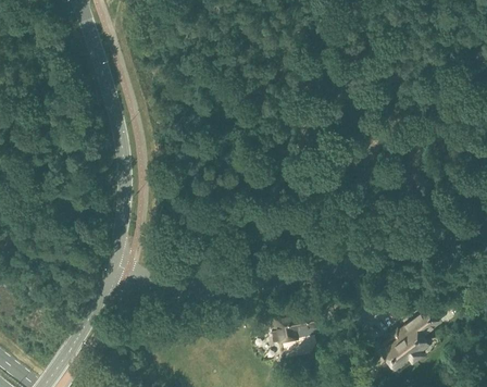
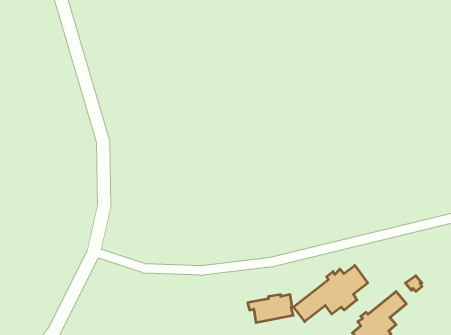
building: none -> [293,265,368,322]

